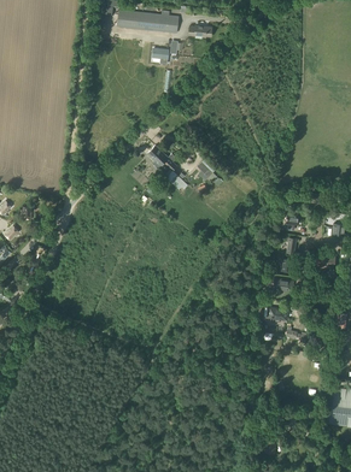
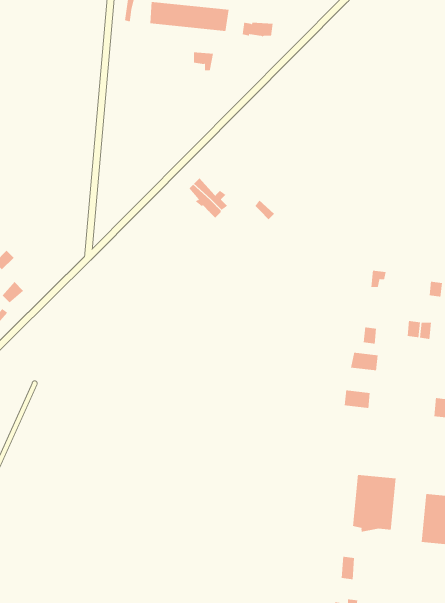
building: none -> [352,474,396,532]

